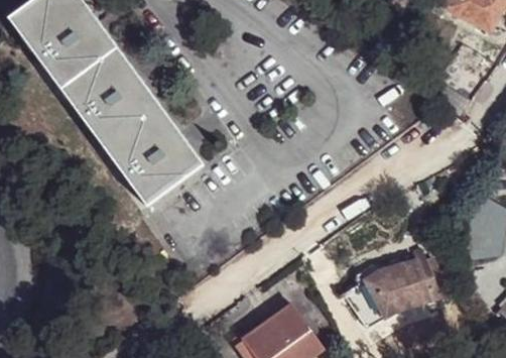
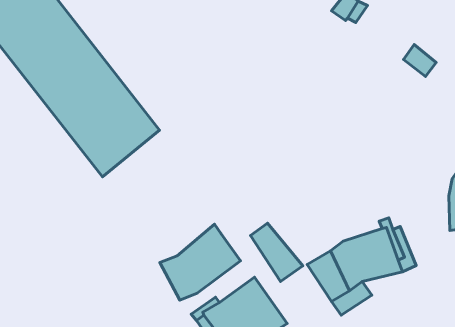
building: none -> [250,223,303,282]
building: none -> [160,224,241,300]

